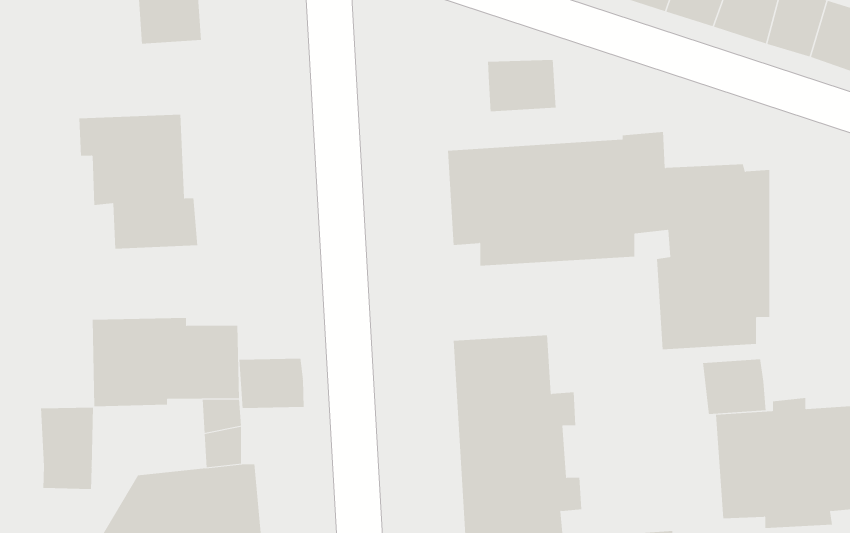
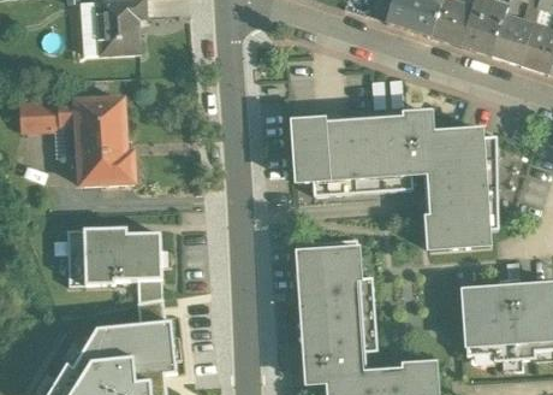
building: [487,59,556,112] -> none
building: none -> [20,101,60,130]
building: [239,358,304,409] -> none
building: [703,358,766,415] -> none
building: [40,407,94,490] -> none

